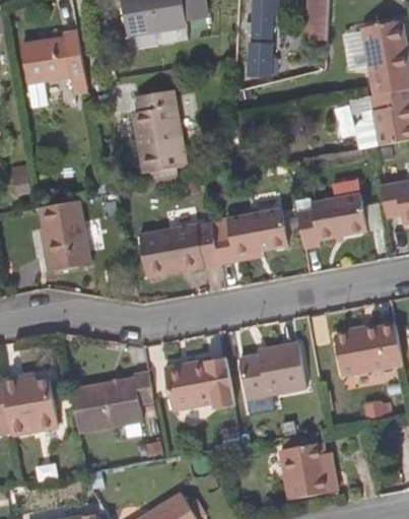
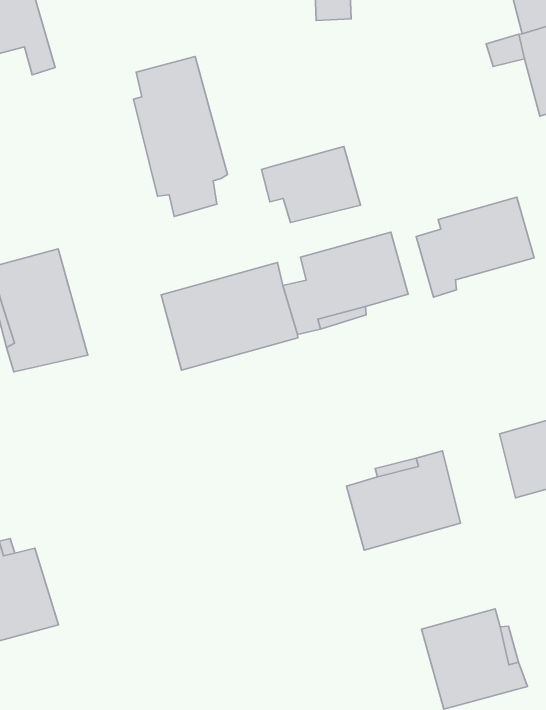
building: none -> [262,147,360,222]
building: [164,360,234,410] -> none
building: [70,370,154,433] -> none

